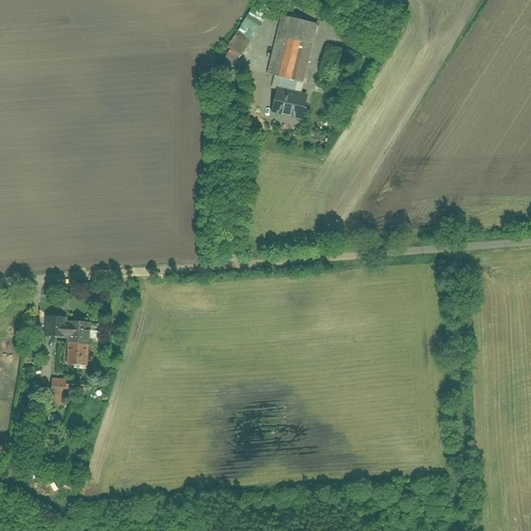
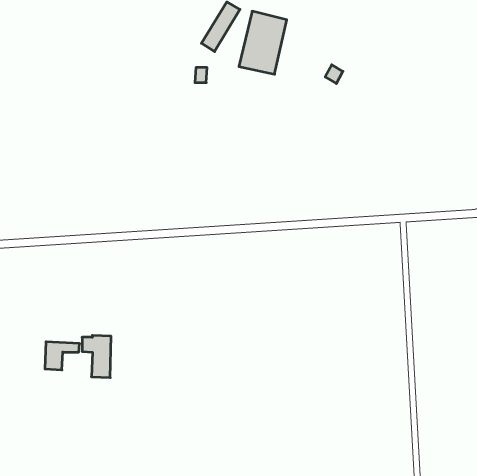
building: [272,87,311,119] -> none
building: [57,318,89,365] -> [82,335,111,378]

